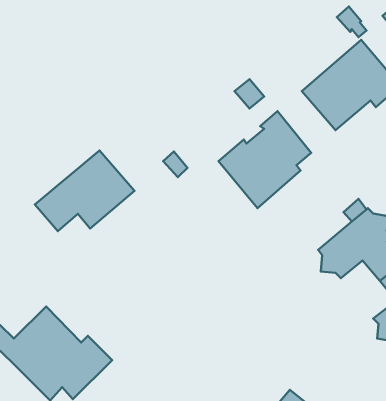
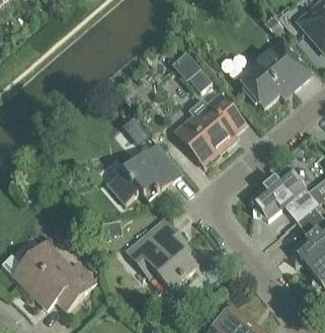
building: [35,151,135,231] -> [107,143,182,203]
building: none -> [127,219,196,288]

